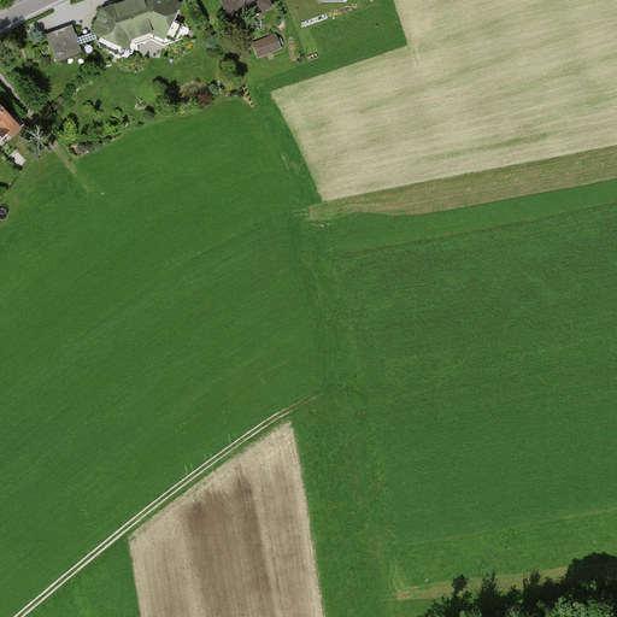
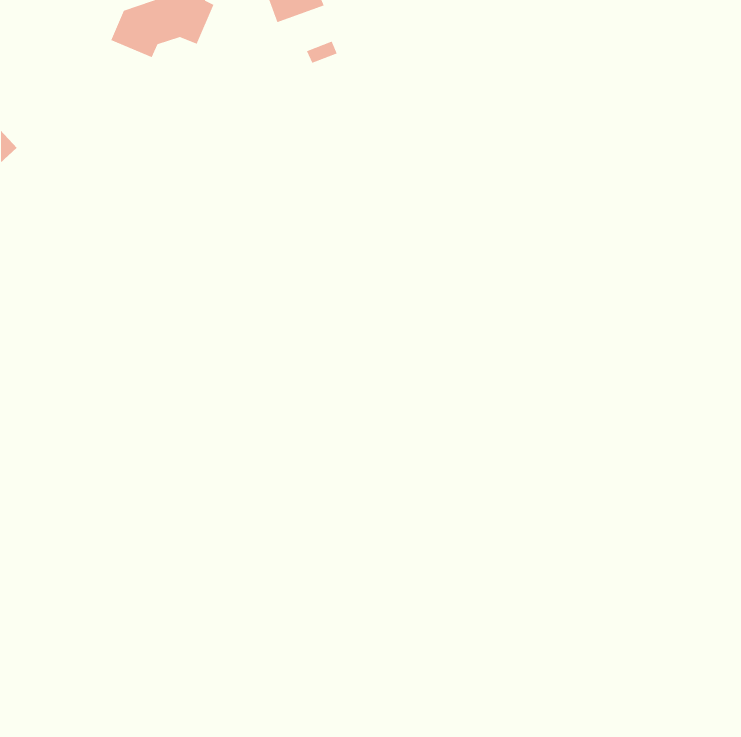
building: [49,25,81,58] -> none

